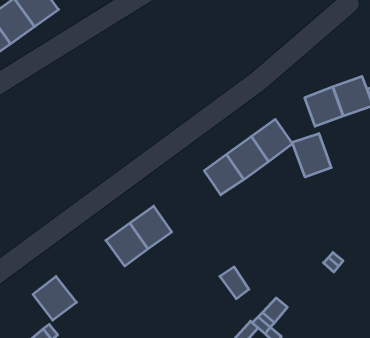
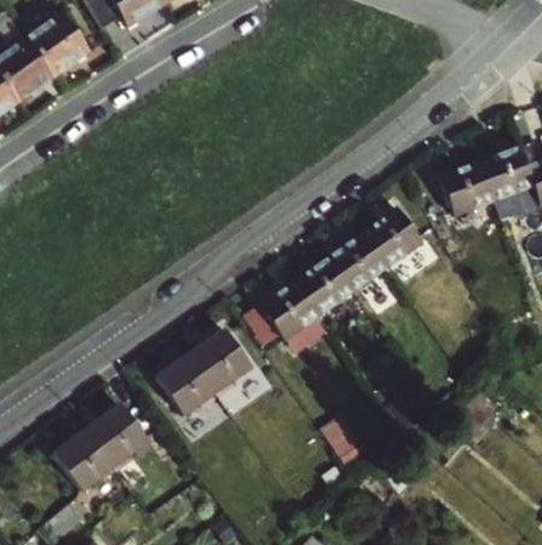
building: [292,133,331,177] -> none
building: none -> [261,280,320,341]
building: none -> [87,405,148,466]

